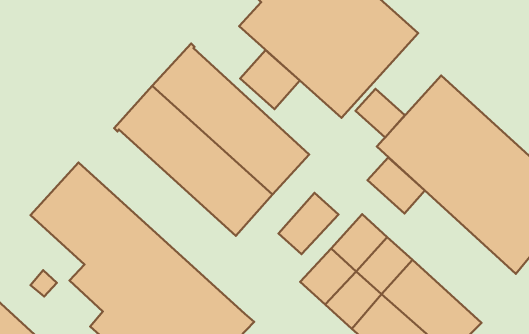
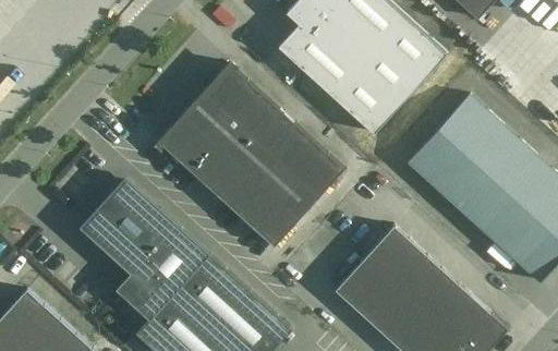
building: [240,50,300,109] -> none
building: [356,89,405,137] -> none
building: [368,157,425,213] -> none
building: [278,193,339,254] -> none

